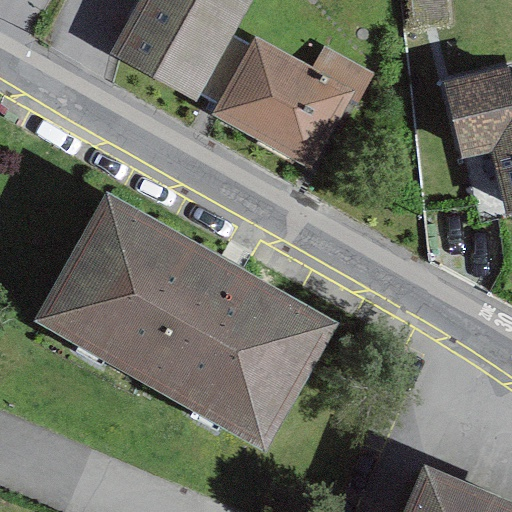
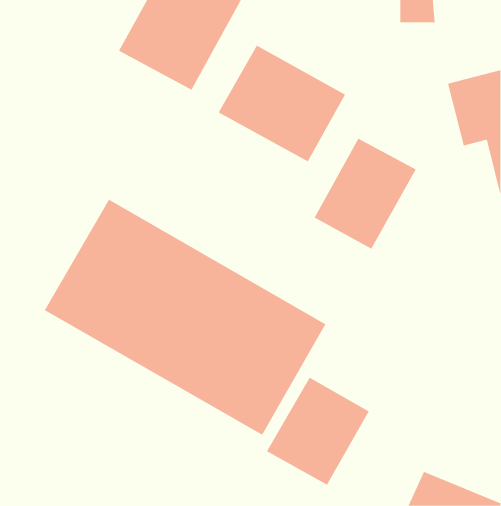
building: none -> [314,138,417,250]
building: none -> [266,377,370,485]

